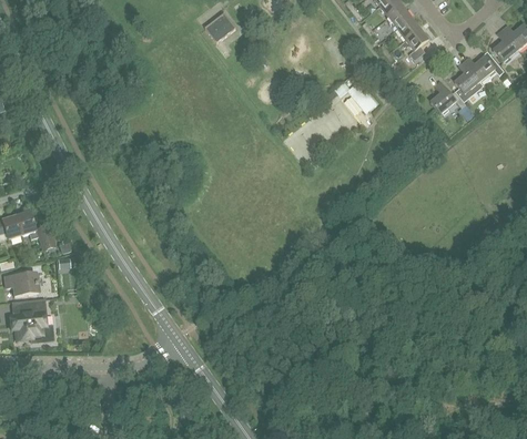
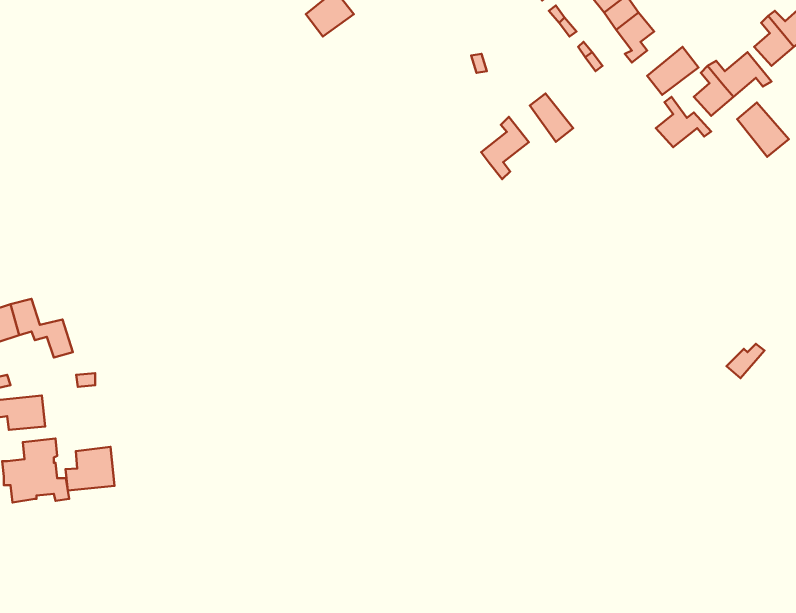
building: none -> [647,47,699,95]
building: none -> [737,102,789,157]
building: none -> [481,117,529,179]
building: none -> [66,447,114,491]

